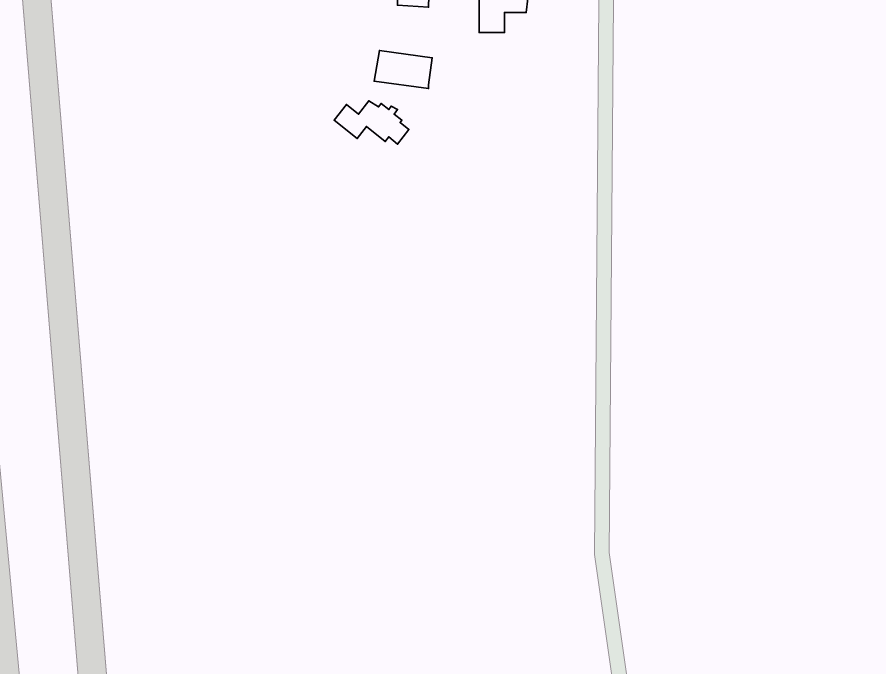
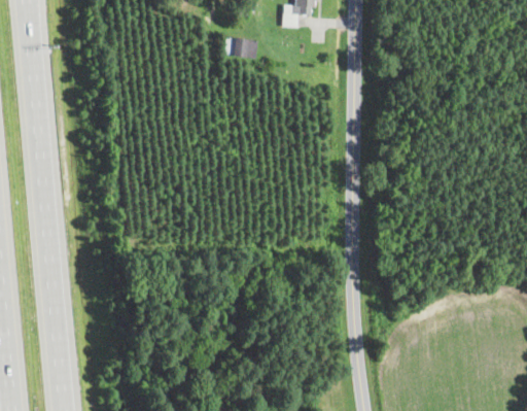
building: [334,101,409,144] -> none

